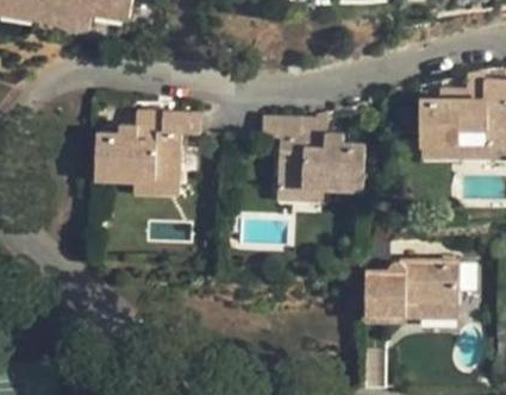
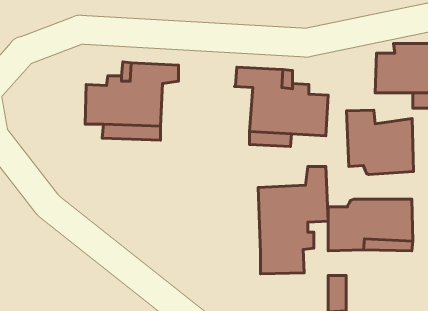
building: none -> [347,110,413,175]
building: none -> [258,167,328,274]

